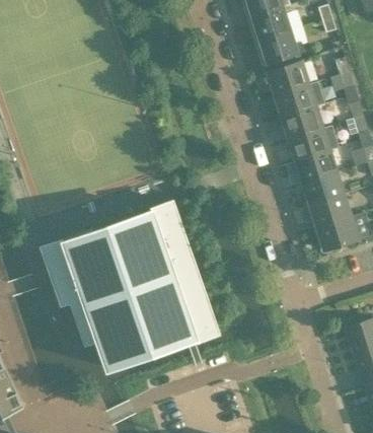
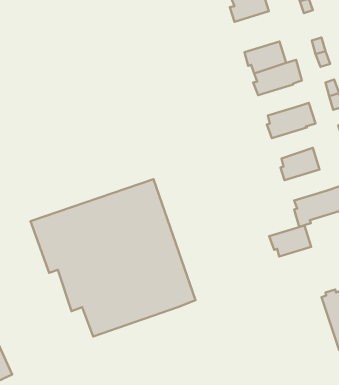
building: [255,31,298,67] -> none
building: [280,107,323,140] -> none
building: [294,152,337,185] -> none
building: [307,196,351,228] -> [269,225,311,257]

